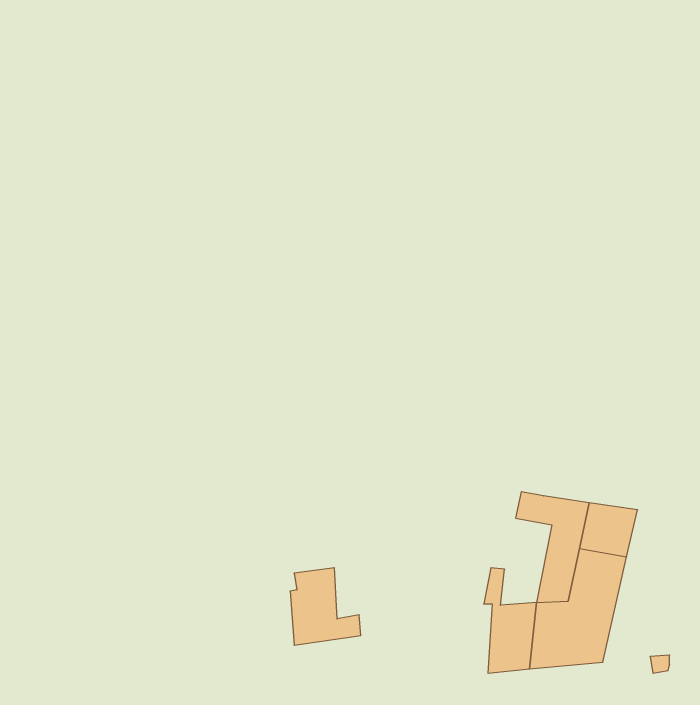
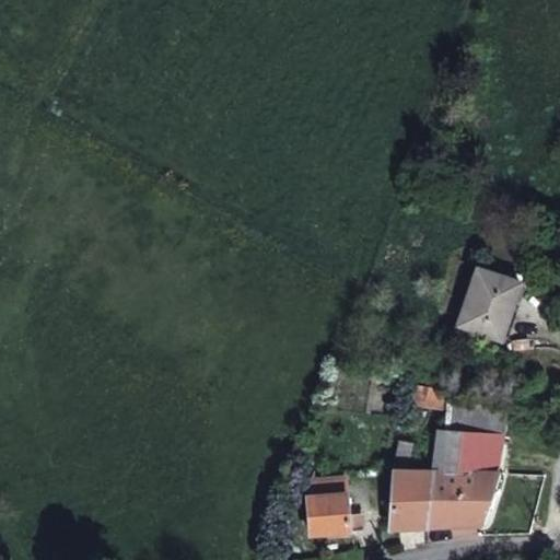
building: none -> [456,268,515,343]
building: [290,568,361,645] -> [306,481,362,542]

